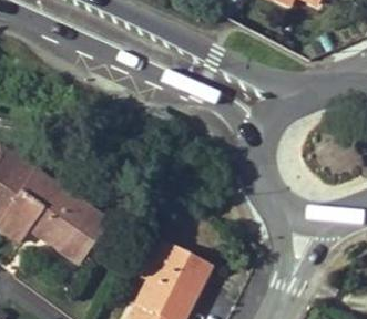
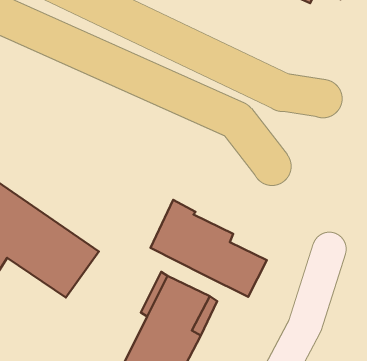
building: none -> [150,200,267,297]

